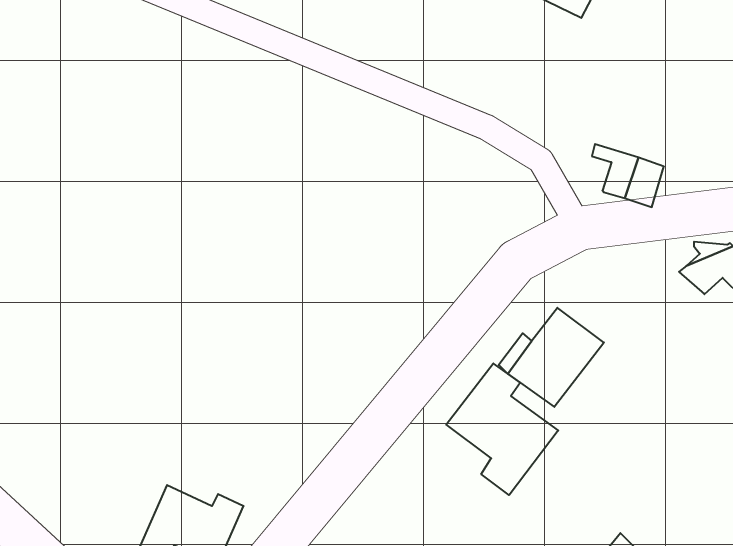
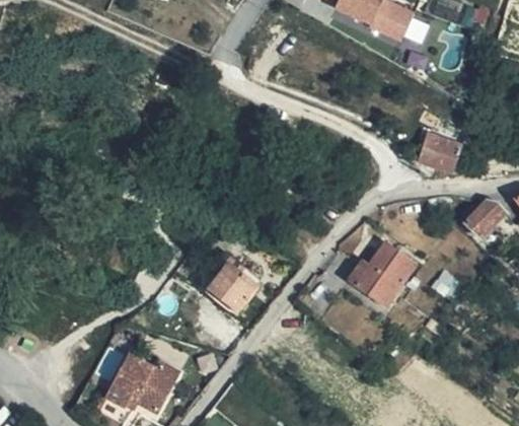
building: none -> [204,263,253,312]
building: [446,363,558,495] -> none

